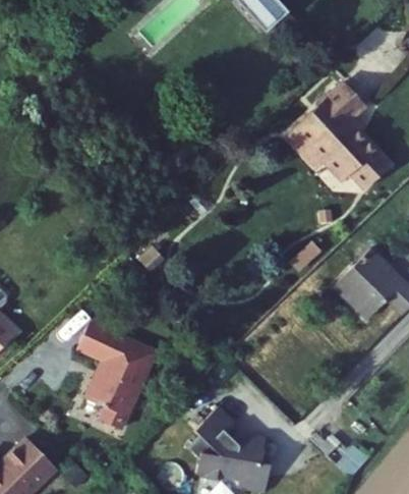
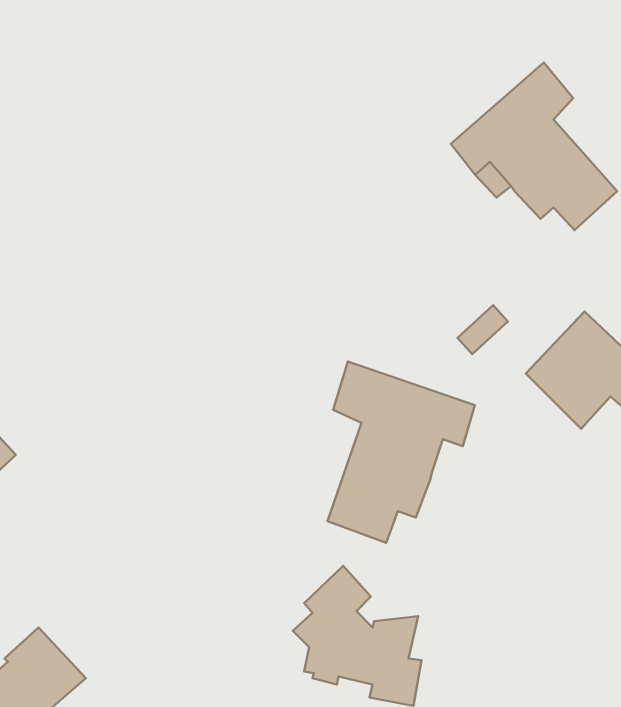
building: none -> [327,362,475,543]
building: [76,317,156,426] -> none

